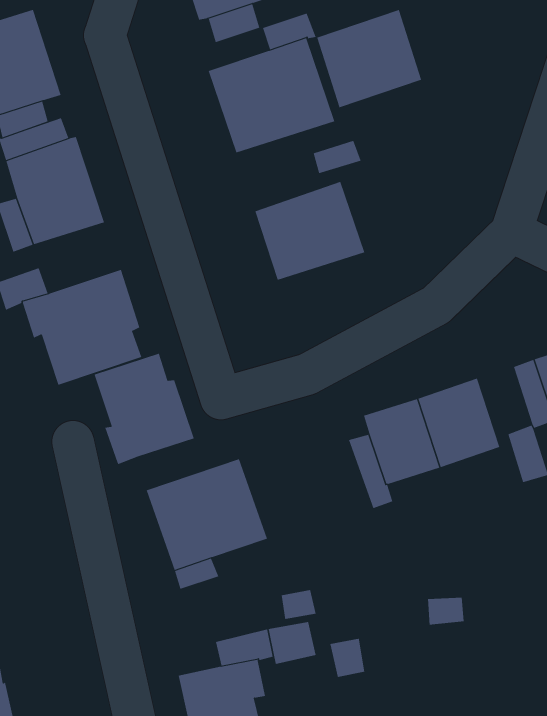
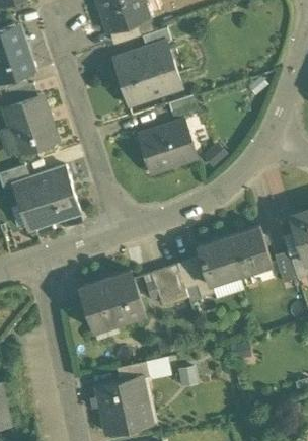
building: [316,9,422,108] -> none
building: [94,353,195,465] -> none
building: none -> [152,264,188,306]

